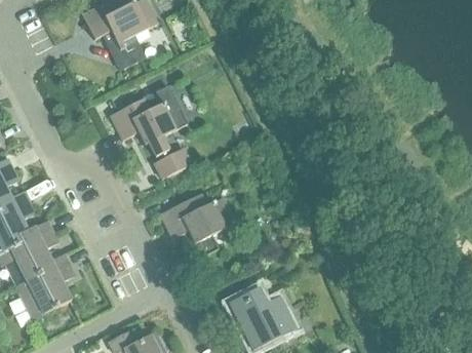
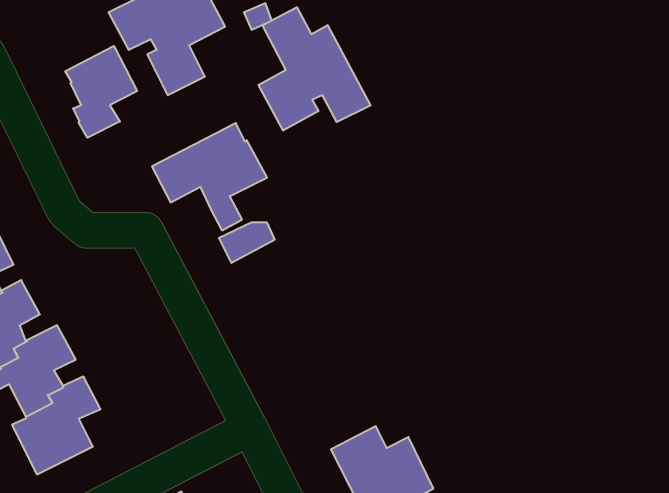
building: none -> [259,7,371,131]
building: none -> [65,46,137,138]
building: [160,191,236,254] -> none

